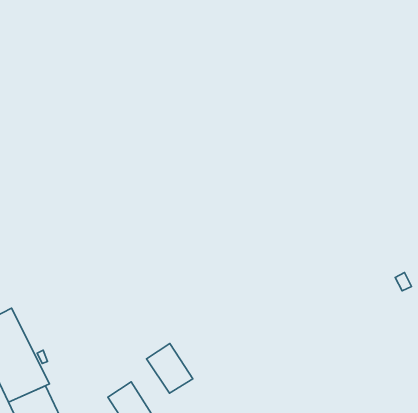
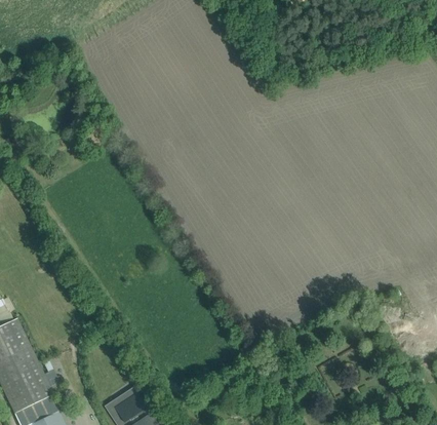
building: [146,344,193,393] -> none

